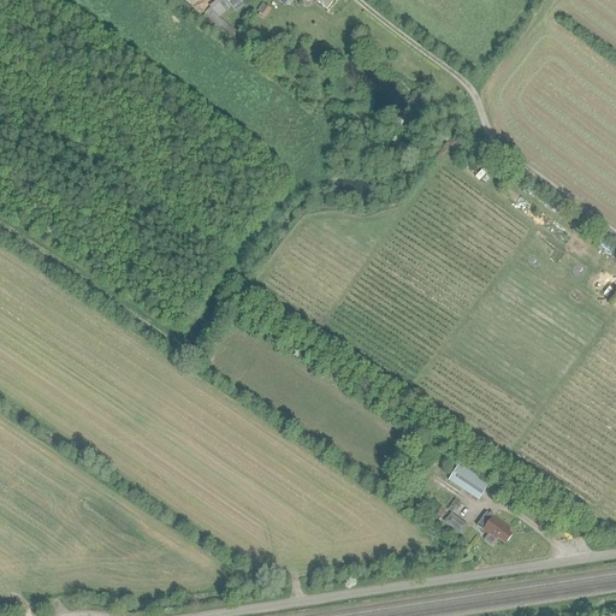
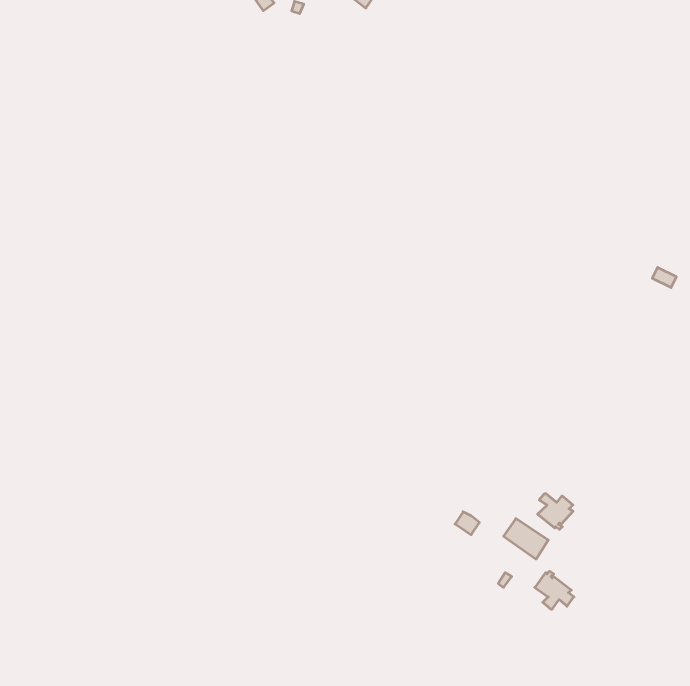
building: none -> [538,494,573,529]

